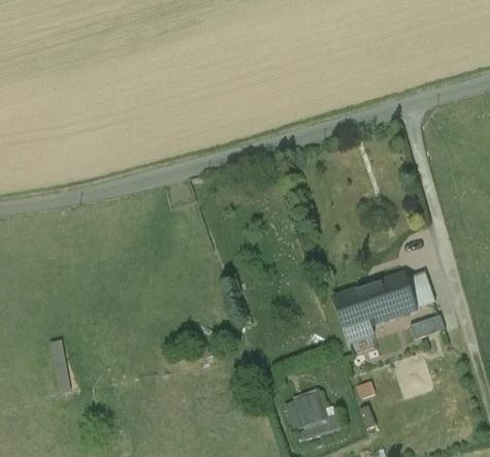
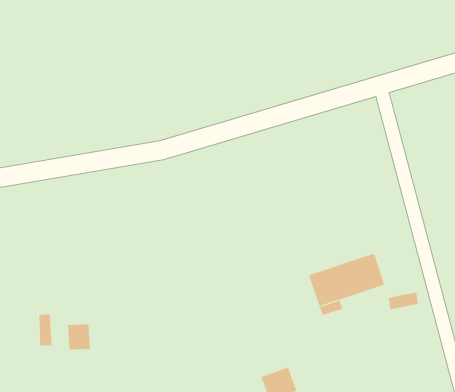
building: [403,271,435,308] -> none
building: none -> [68,323,90,350]

